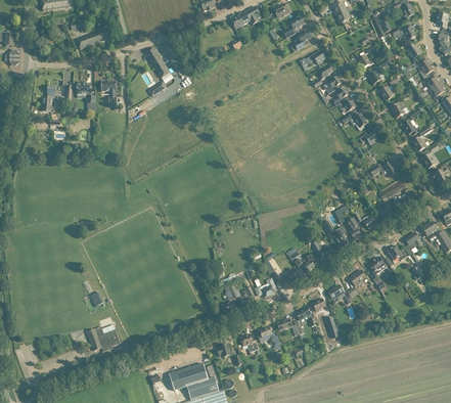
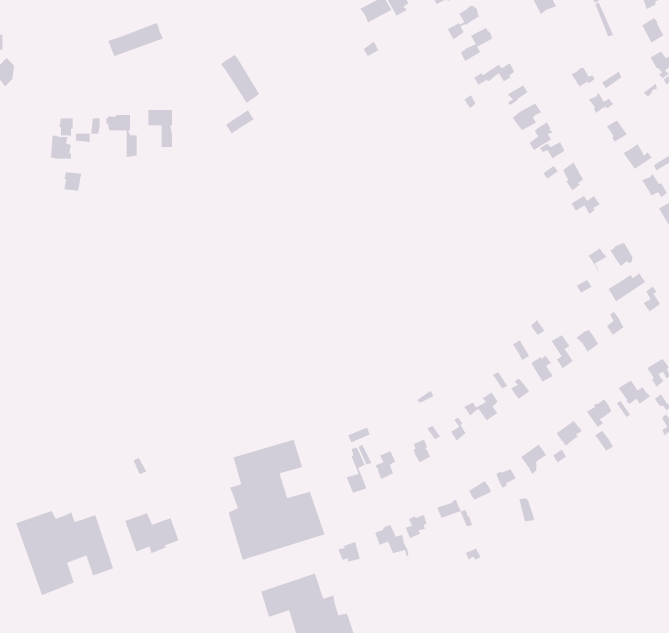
building: none -> [228,439,326,561]
building: none -> [15,510,114,596]

